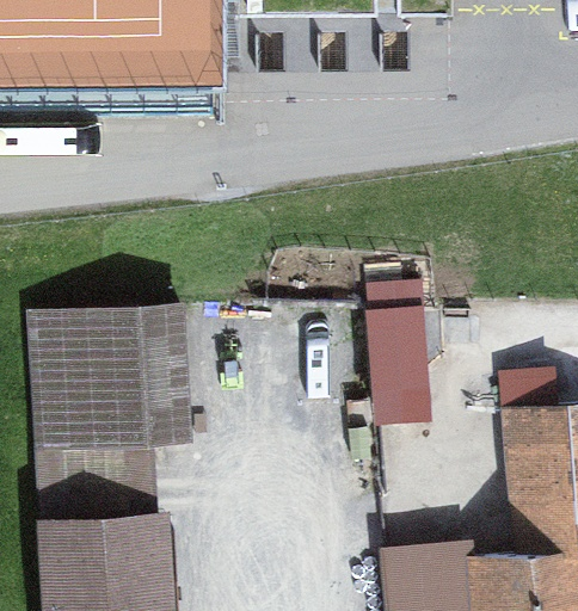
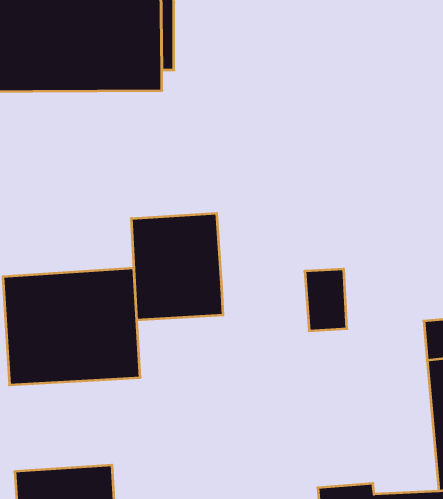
building: none -> [131,213,223,320]
building: [43,432,156,533] -> none

